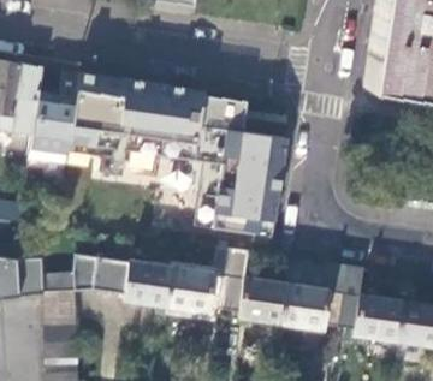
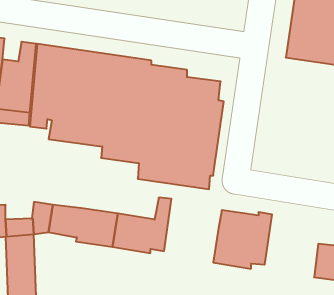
building: [223,249,285,322] -> none
building: [338,267,399,339] -> none

